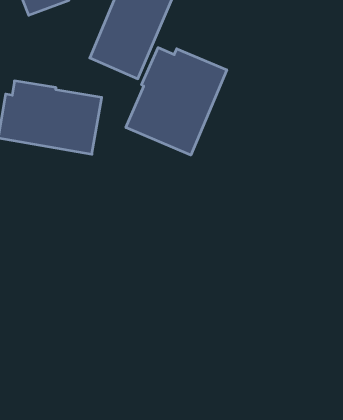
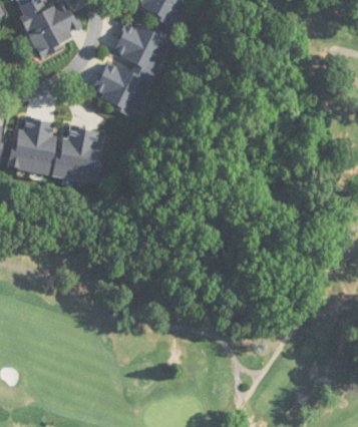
building: [126,48,227,155] -> none

